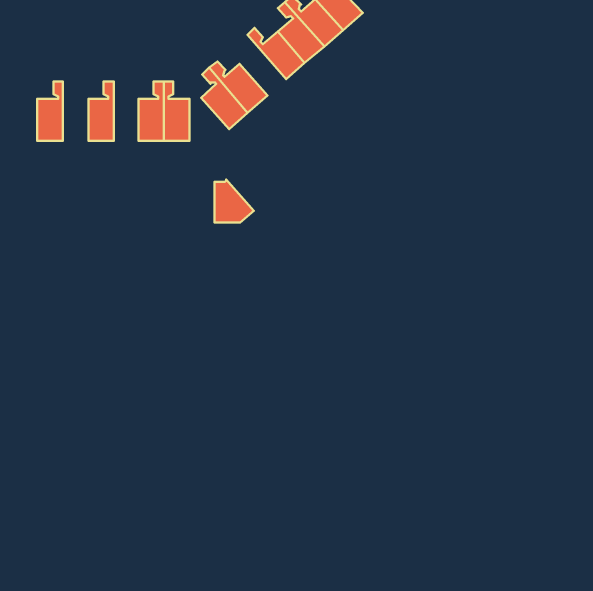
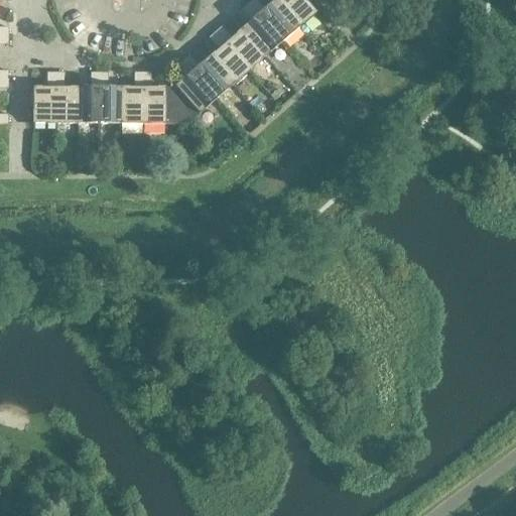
building: none -> [209,30,249,83]
building: none -> [55,71,78,122]
building: none -> [100,71,121,122]
building: [214,179,254,222] -> [165,85,200,122]

